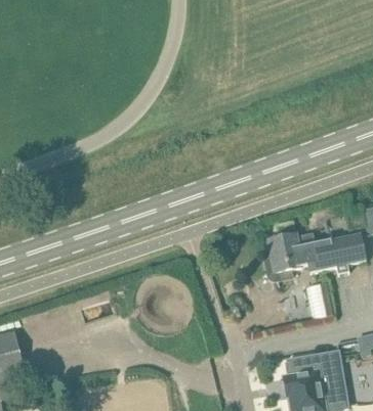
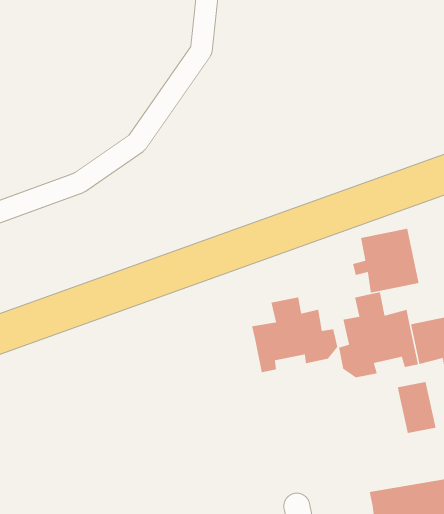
building: none -> [352,228,419,293]
building: none -> [251,297,338,373]

